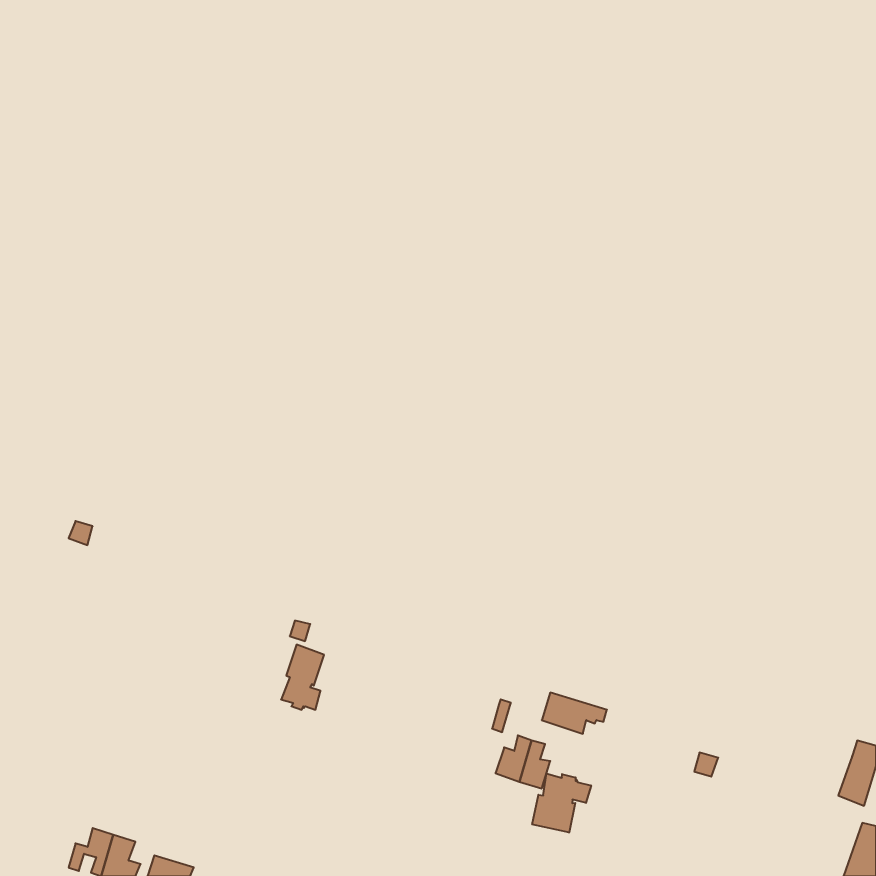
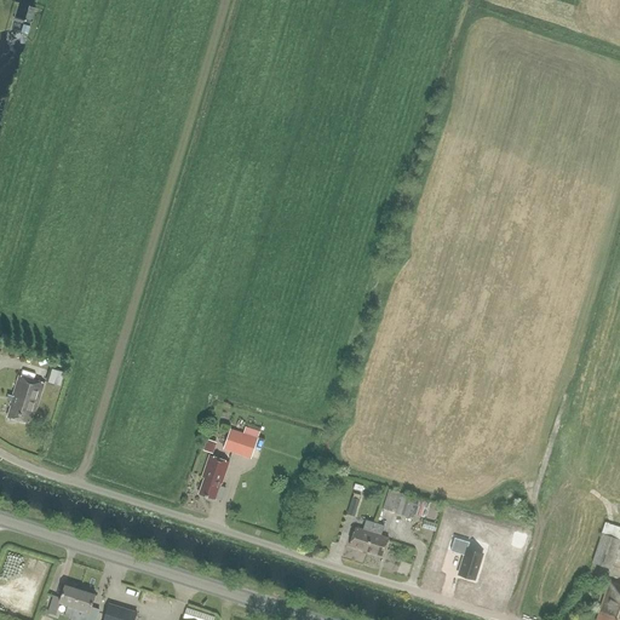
building: none -> [7,375,45,425]
building: none -> [224,427,260,459]
building: none -> [450,538,483,580]
building: [532,773,591,833] -> none

